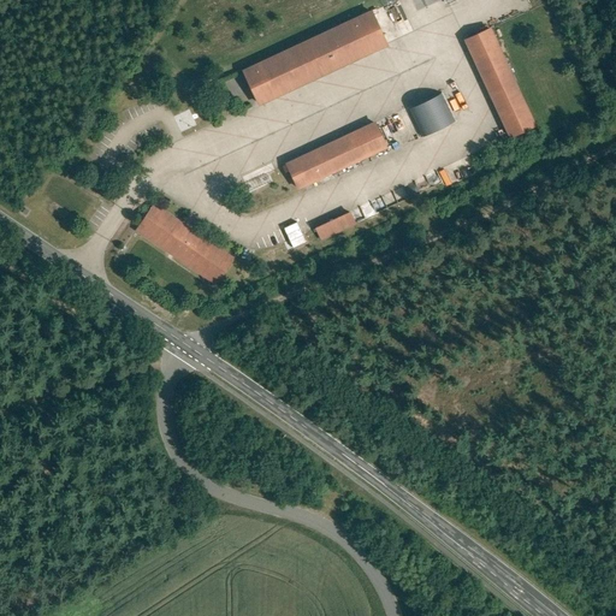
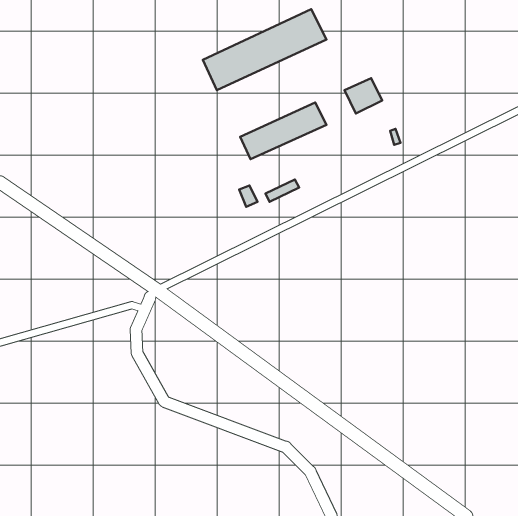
building: [463,25,535,137] -> none
building: [136,200,233,283] -> none

